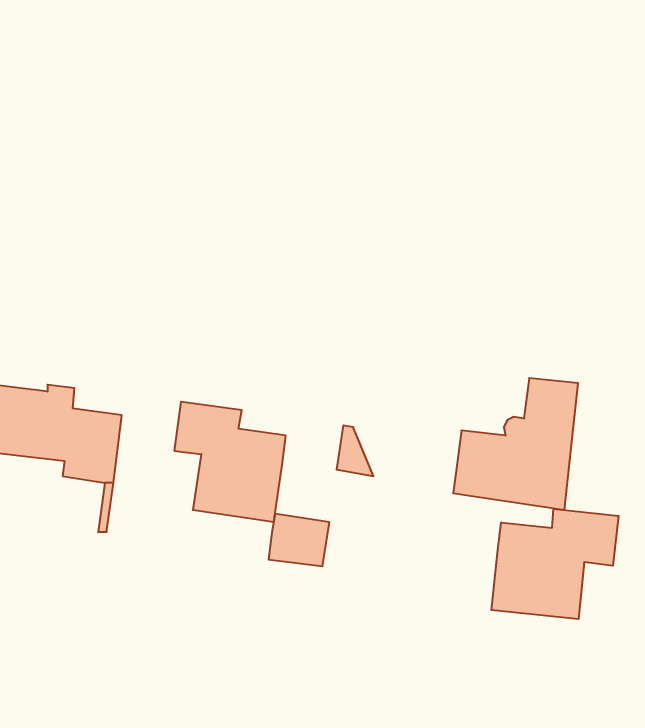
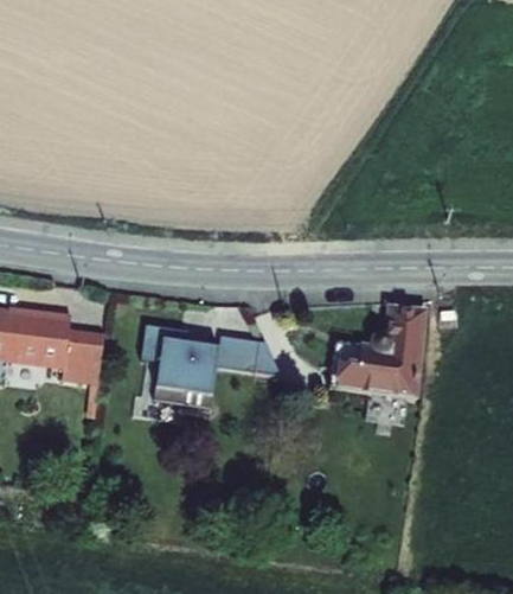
building: [491,509,619,619] -> none
building: [269,514,329,566] -> [217,333,259,370]

